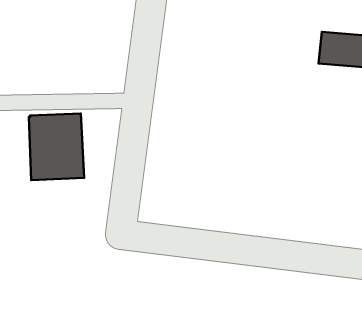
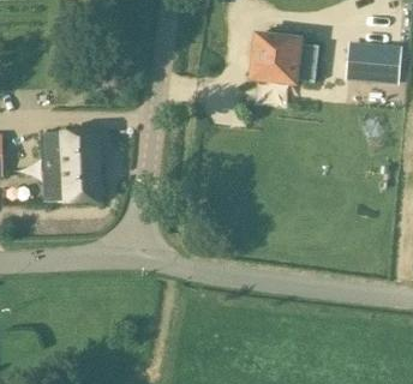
building: none -> [251,32,318,84]

